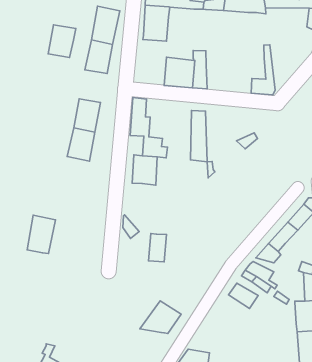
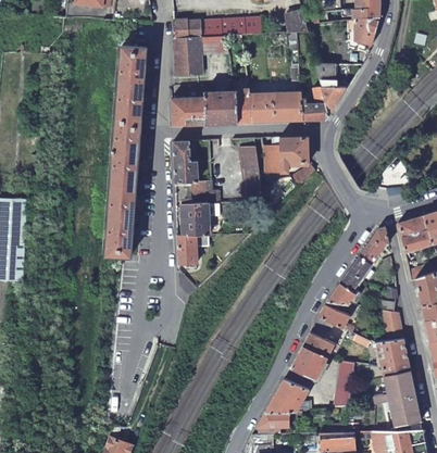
building: none -> [200,36,228,75]
building: [48,25,76,57] -> [113,117,140,151]
building: none -> [315,64,345,114]
building: none -> [170,92,204,125]
building: none -> [248,93,301,122]
building: none -> [262,137,308,174]
building: [27,215,56,254] -> [105,215,133,255]
building: [148,234,166,262] -> [176,235,195,266]
building: none -> [291,345,328,379]
building: [140,301,181,333] -> [266,377,310,412]
building: none -> [333,361,357,410]

